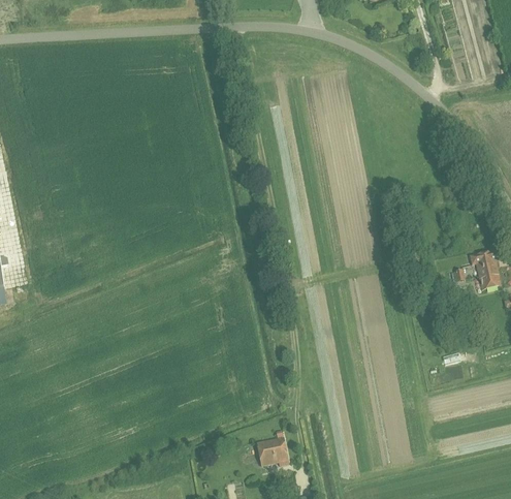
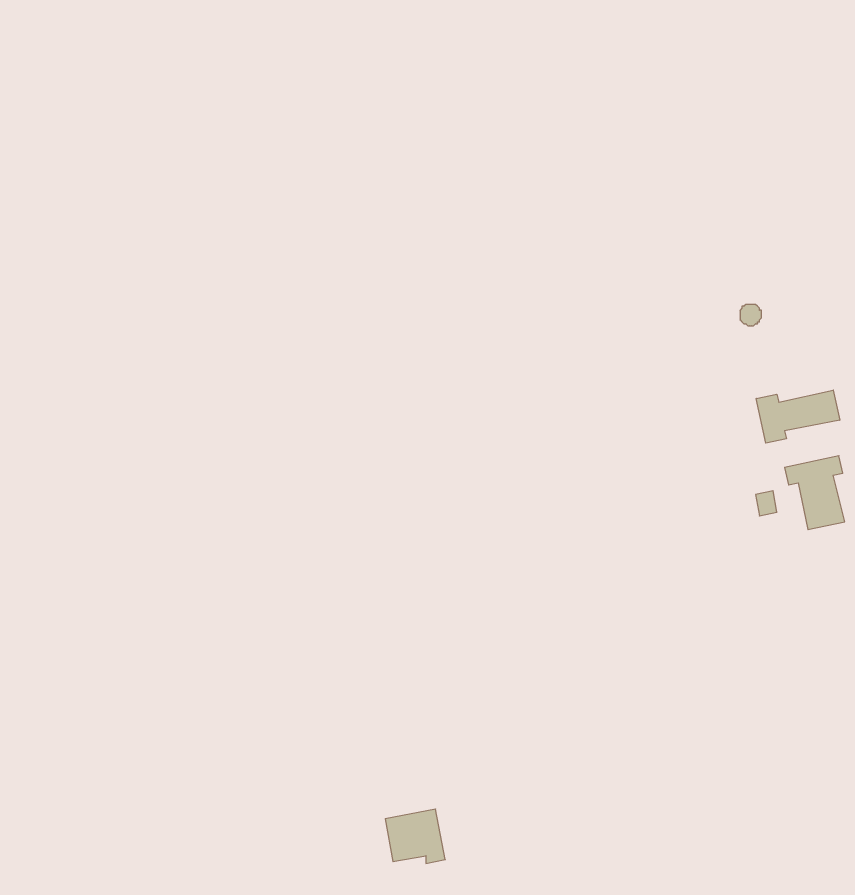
building: none -> [756,390,840,443]

